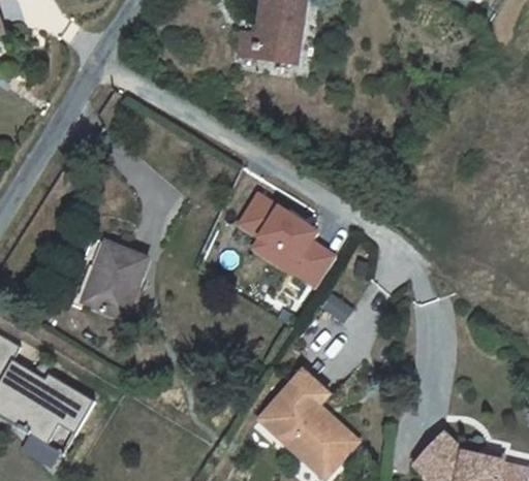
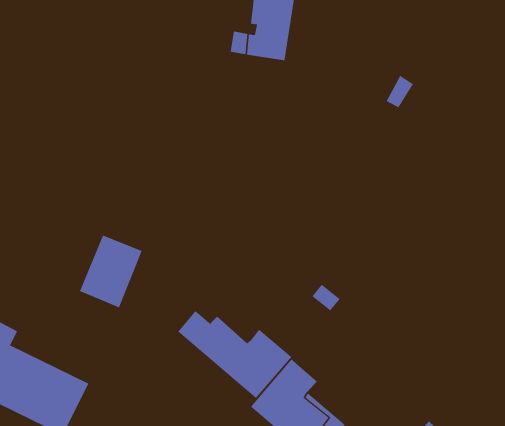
building: [234,193,343,288] -> none
building: none -> [178,310,292,399]

